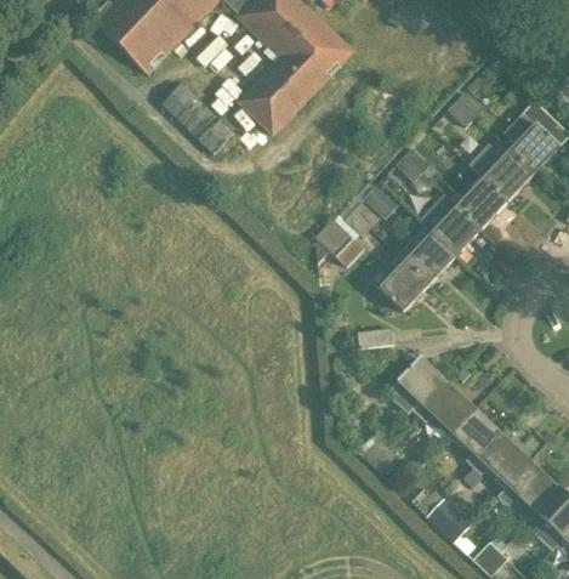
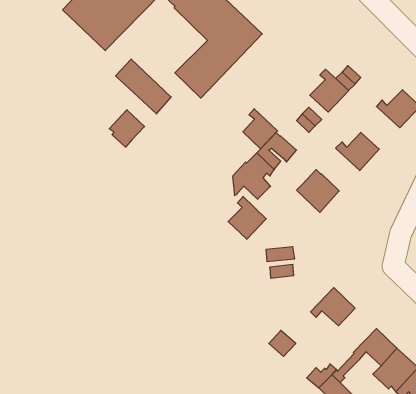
building: [482,144,533,200] -> [310,69,349,112]
building: none -> [243,109,278,149]
building: none -> [109,110,145,147]
building: [431,199,480,255] -> none
building: [379,254,428,310] -> [228,196,266,239]
building: [386,356,446,413] -> none
building: [453,408,502,466] -> none

